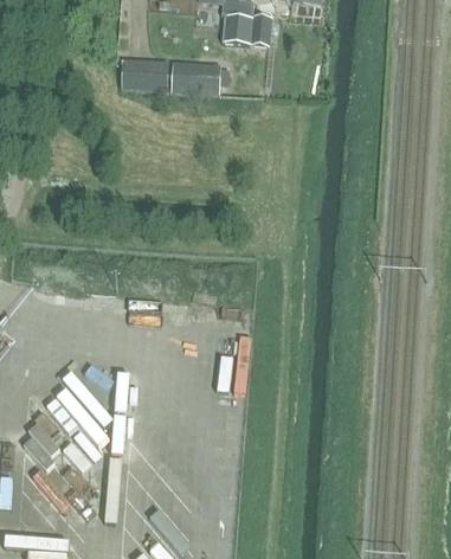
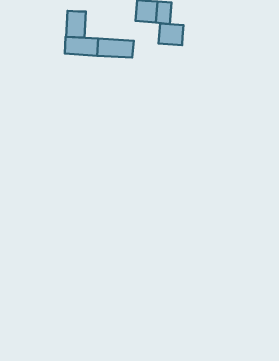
building: none -> [66,11,86,38]
building: none -> [159,23,184,45]

